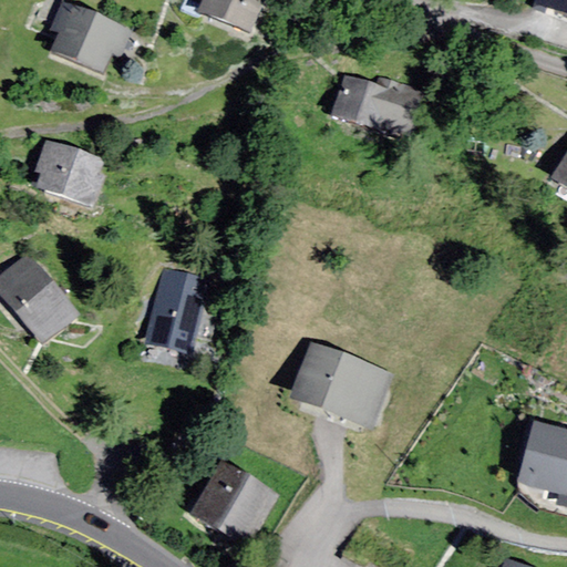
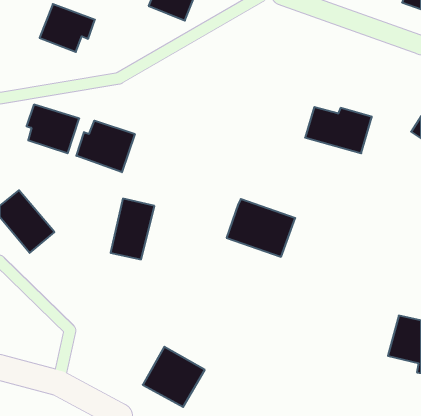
building: [332,74,422,136] -> [305,107,372,153]
building: none -> [76,121,135,172]
building: [295,346,386,423] -> [227,199,295,257]

